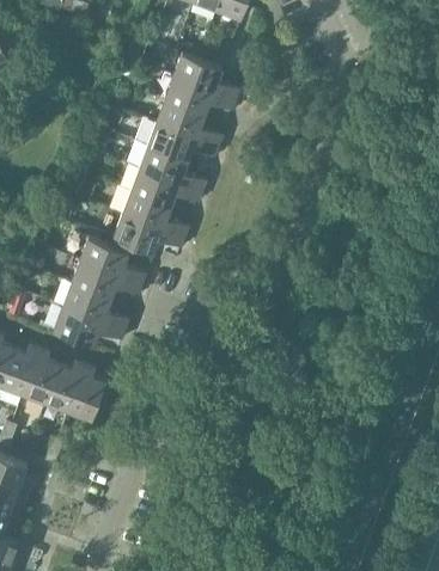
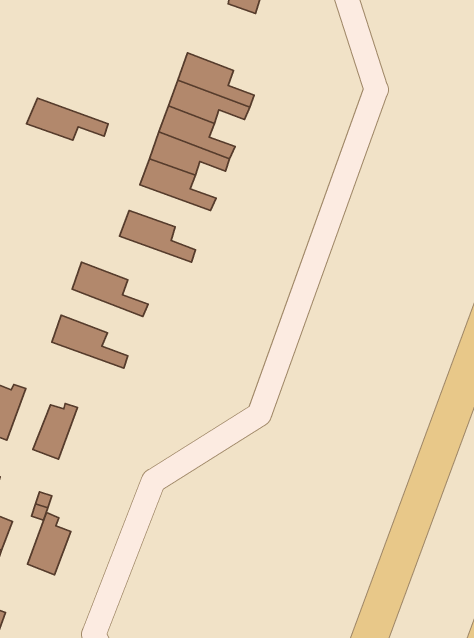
building: [129,170,201,207] -> [27,98,108,140]
building: [112,215,184,253] -> none
building: [69,262,141,300] -> none
building: [53,308,124,346] -> none
building: [22,349,60,403] -> none
building: [67,366,105,420] -> [27,512,71,575]

